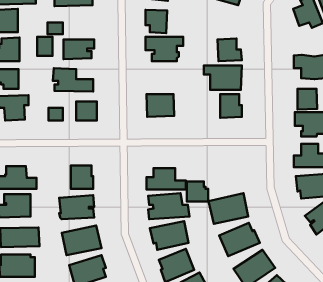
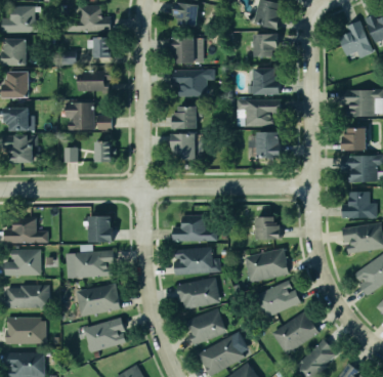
building: none -> [253,36,273,59]
building: [37,37,52,56] -> [93,39,111,60]
building: none -> [171,107,203,129]
building: [187,182,208,201] -> [254,215,279,238]

